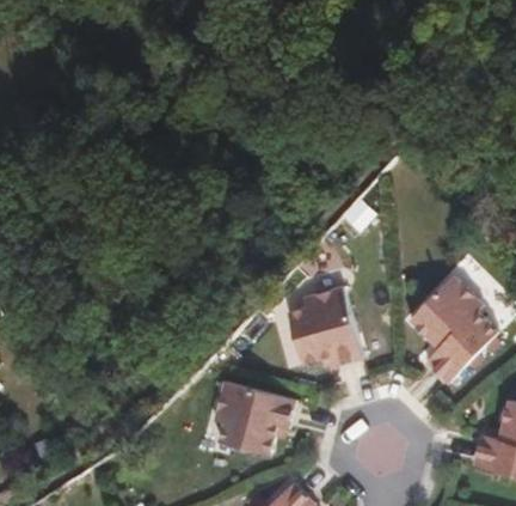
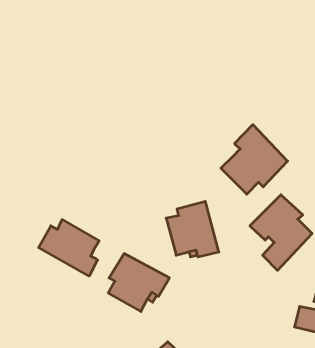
building: none -> [221,125,288,194]
building: none -> [39,220,99,276]

